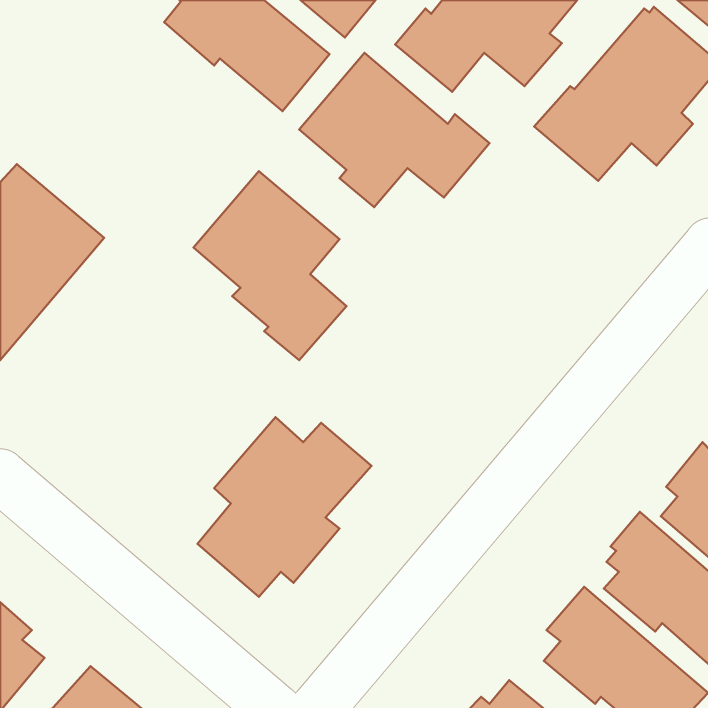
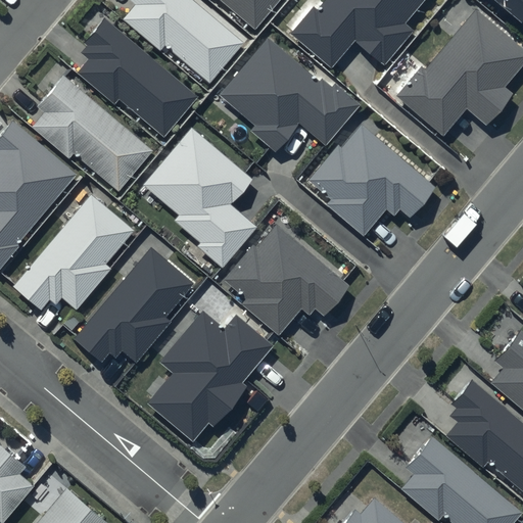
building: none -> [77,15,198,137]
building: none -> [31,74,153,191]
building: none -> [308,123,436,235]
building: none -> [12,181,135,310]
building: none -> [223,222,350,335]
building: none -> [74,246,193,362]

